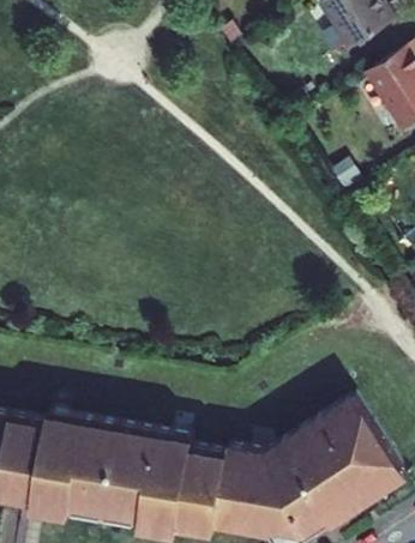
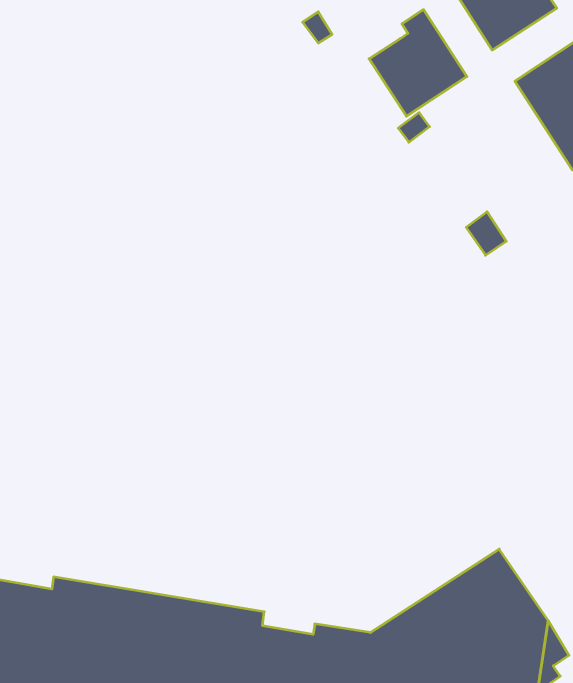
building: none -> [369,10,467,116]

